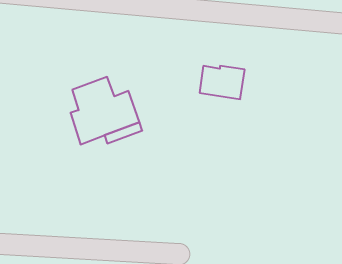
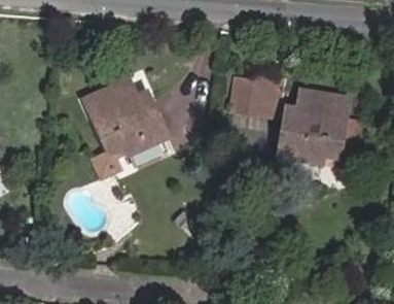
building: none -> [284,97,350,162]

